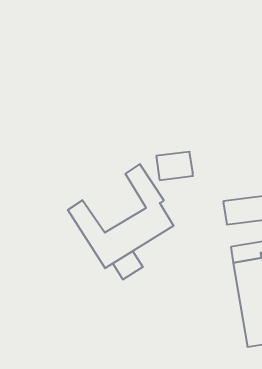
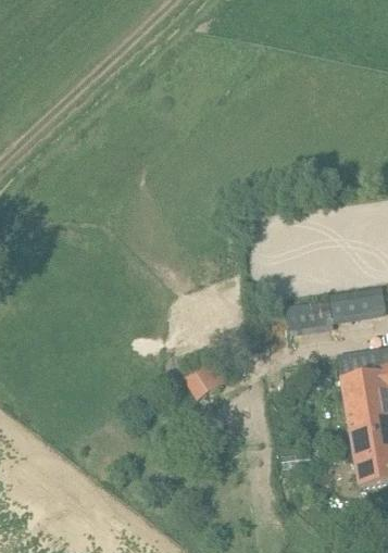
building: [156,152,193,180] -> [285,298,333,335]
building: [68,164,174,268] -> none

